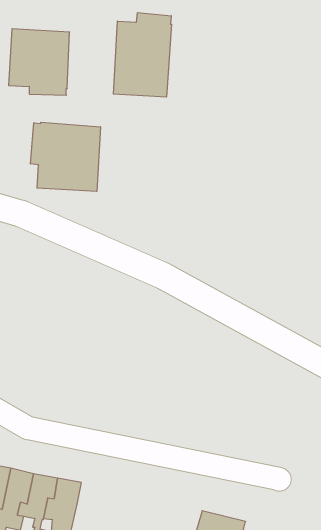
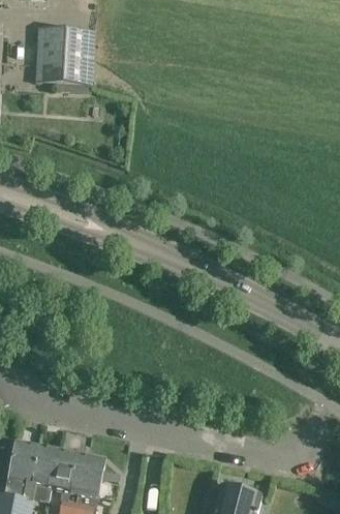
building: [113,13,171,97] -> none
building: [31,122,100,191] -> none

